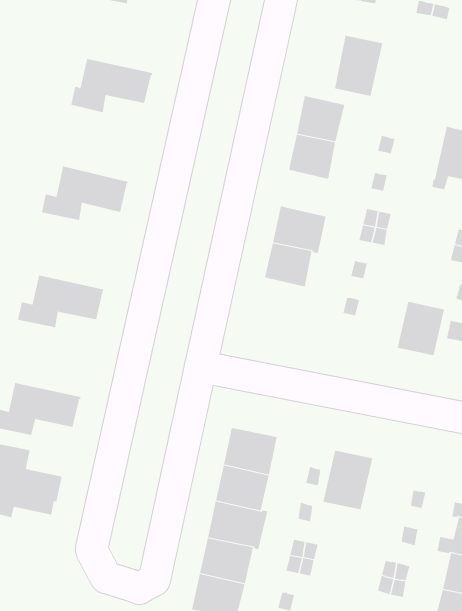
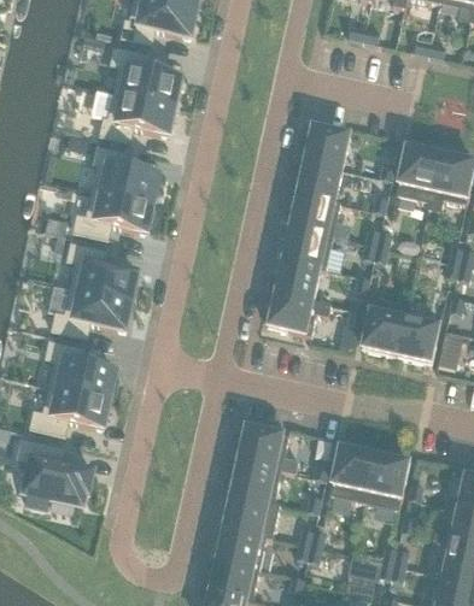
building: none -> [111,45,181,104]
building: [334,35,383,96] -> [397,145,441,200]
building: none -> [93,145,159,202]
building: none -> [291,192,340,234]
building: none -> [68,241,137,300]
building: none -> [269,289,330,333]
building: none -> [362,298,409,353]
building: none -> [46,339,116,398]
building: none -> [364,453,409,508]

